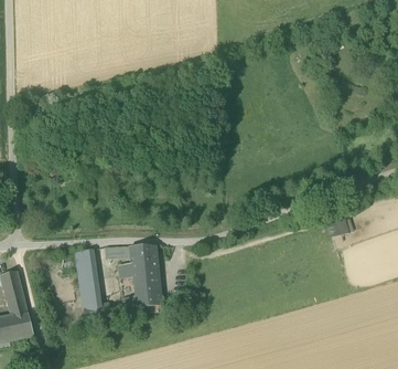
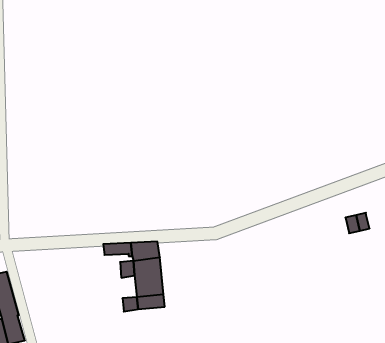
building: [75,247,111,318] -> none

